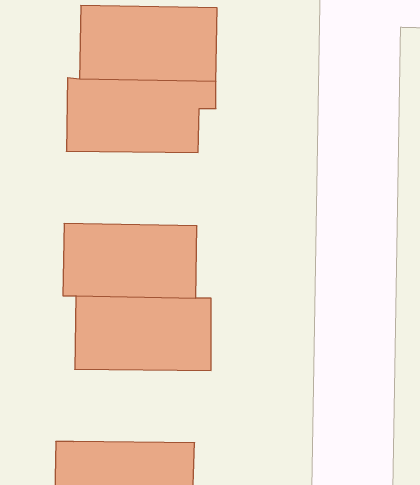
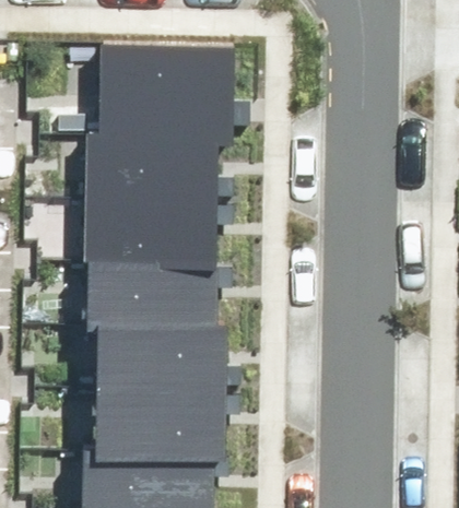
building: none -> [91,181,214,250]
building: none -> [99,382,226,451]

